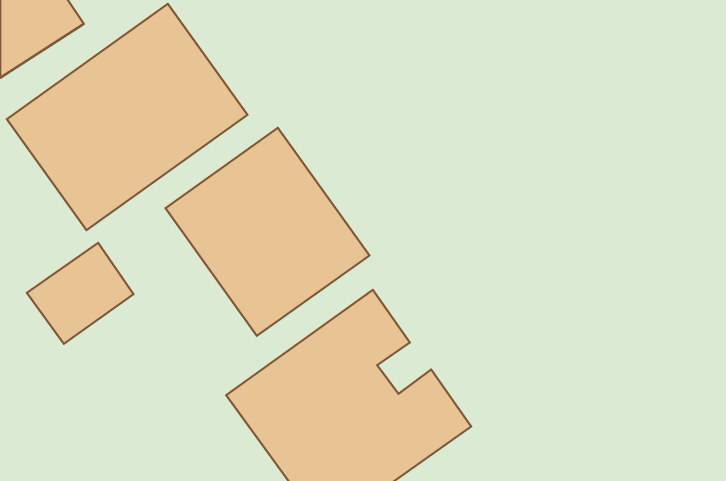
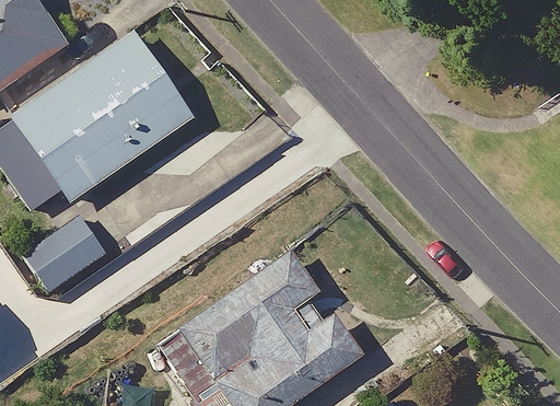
building: [166,128,369,336] -> none

